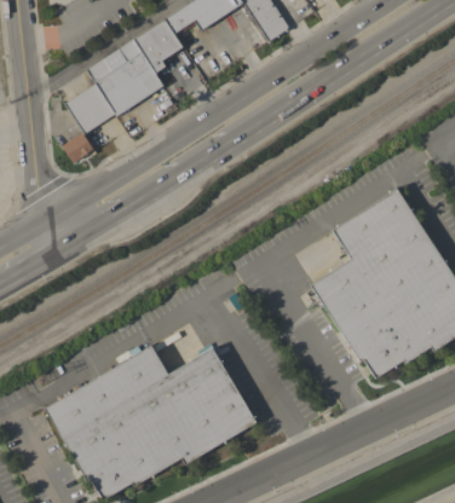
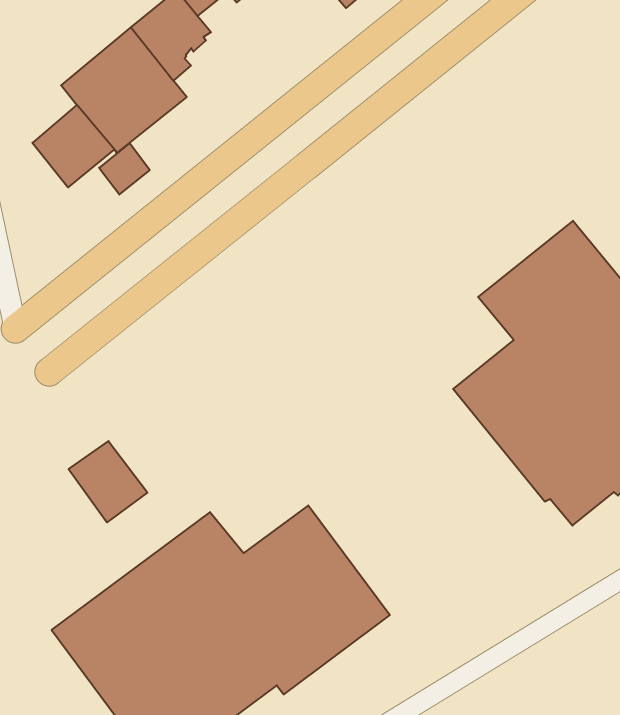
building: [62,132,93,163] -> [99,143,150,195]
building: none -> [69,441,147,522]

